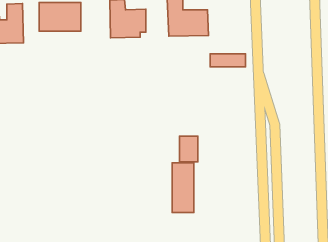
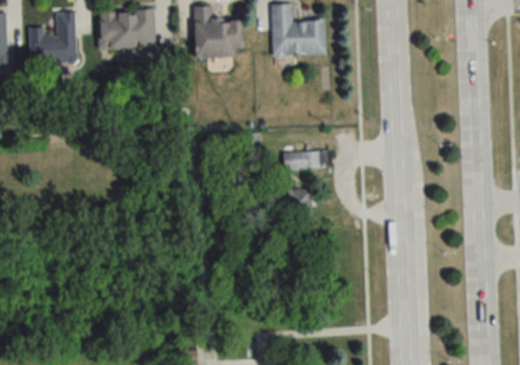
building: [210,54,245,67] -> [283,152,331,169]
building: [172,163,194,213] -> none

